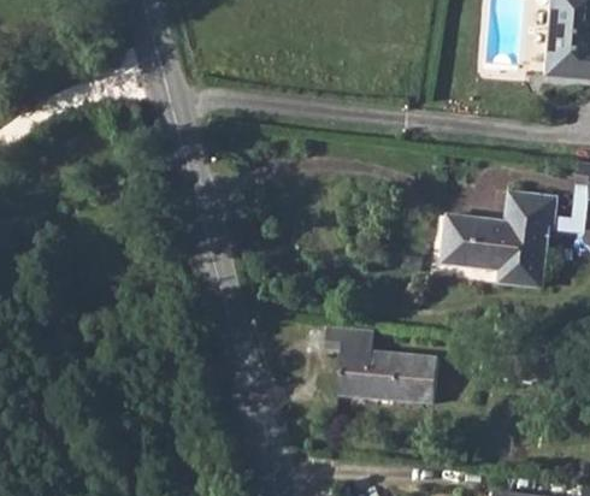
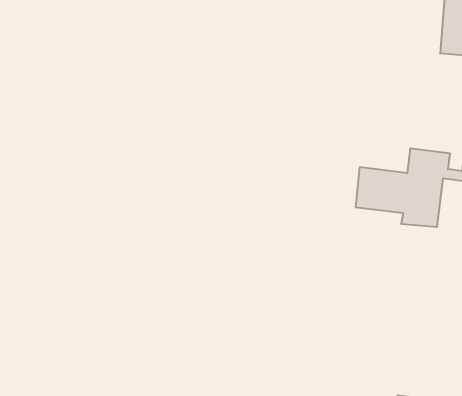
building: [325,326,437,403] -> none

